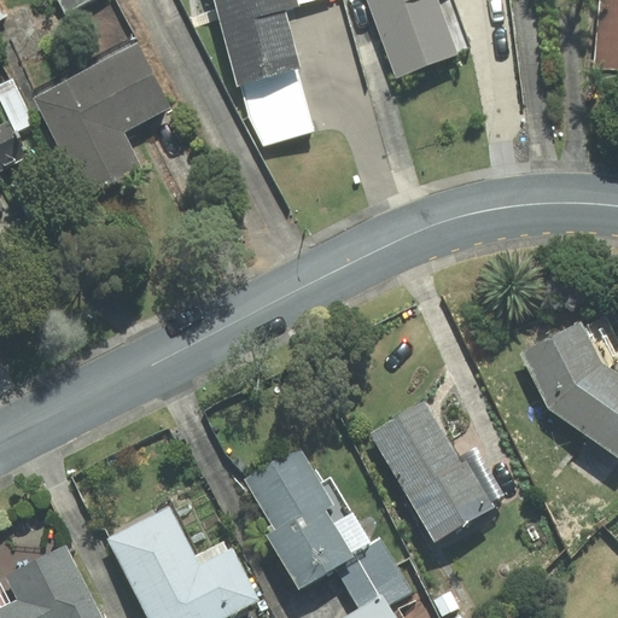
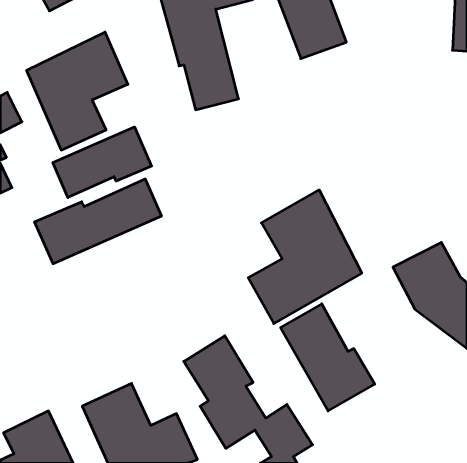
building: none -> [53,127,152,198]
building: none -> [35,179,161,264]
building: none -> [248,190,362,324]

